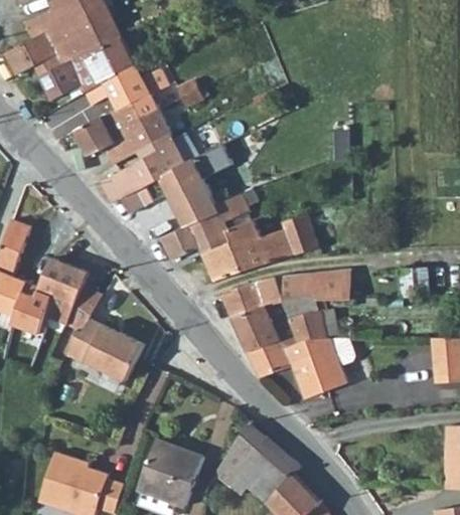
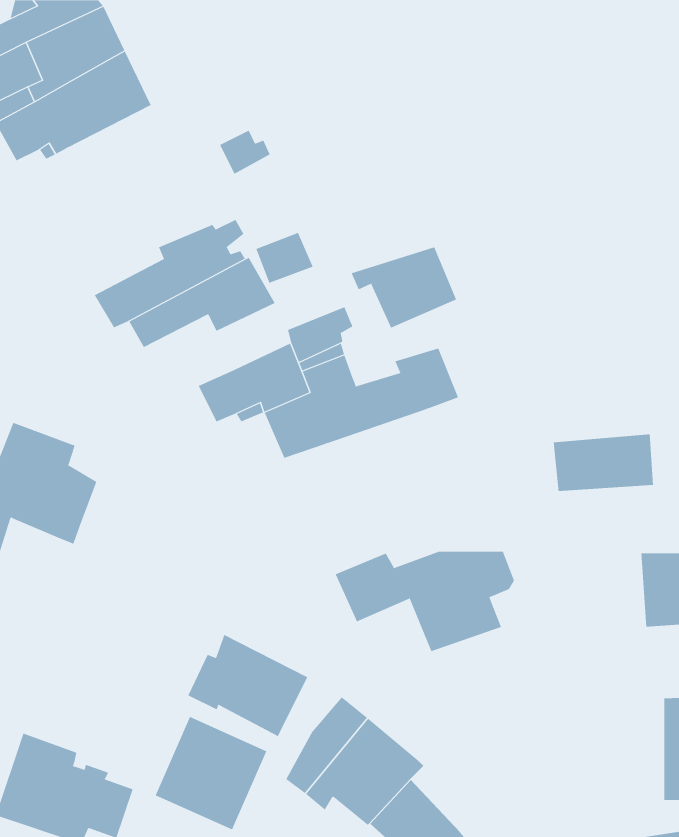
building: [74,65,171,163] -> none
building: none -> [351,247,457,328]
building: [173,186,218,226] -> none
building: [221,269,347,351] -> none
building: [69,319,143,381] -> [187,634,308,737]

